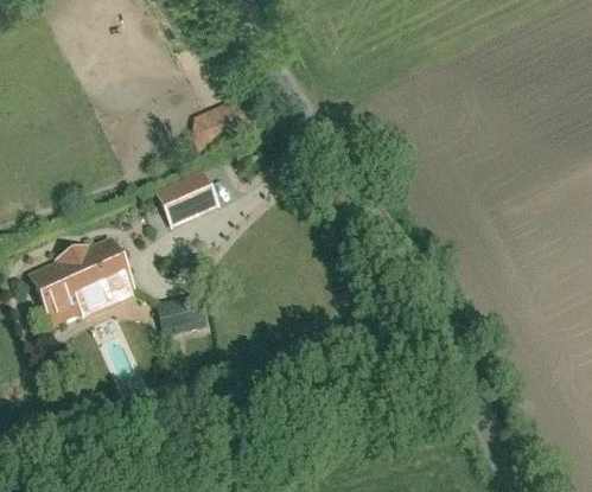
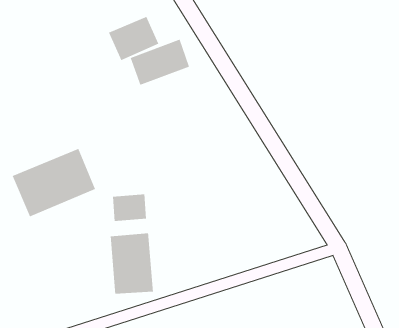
building: [153,168,221,228] -> [108,16,159,61]
building: none -> [110,233,153,295]

